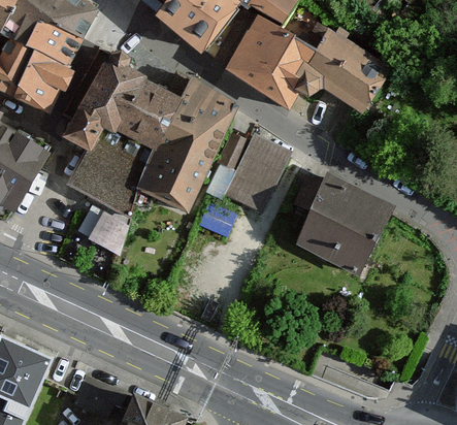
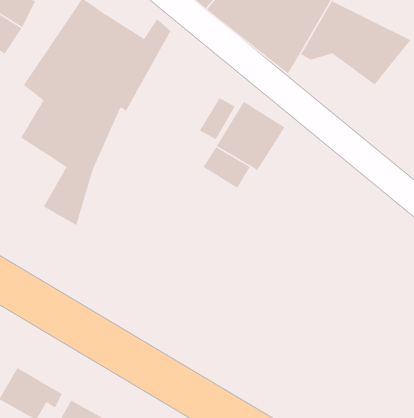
building: [133,81,231,211] -> none
building: [293,175,390,271] -> none

